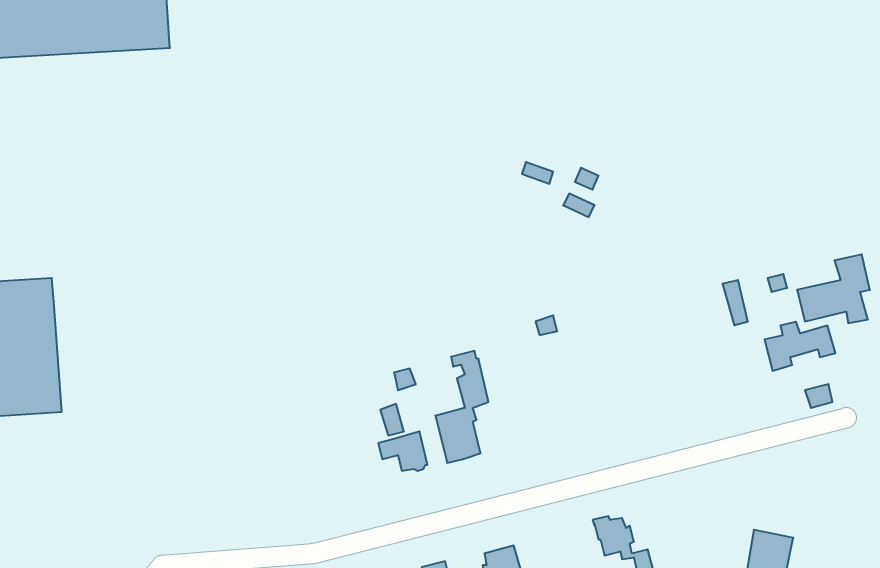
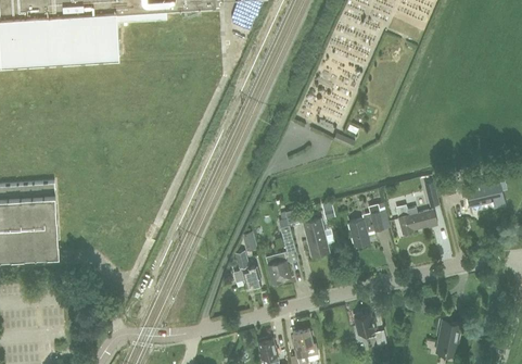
building: none -> [347,203,389,247]
building: [765,322,835,371] -> [397,208,436,235]
building: none -> [302,218,329,258]

